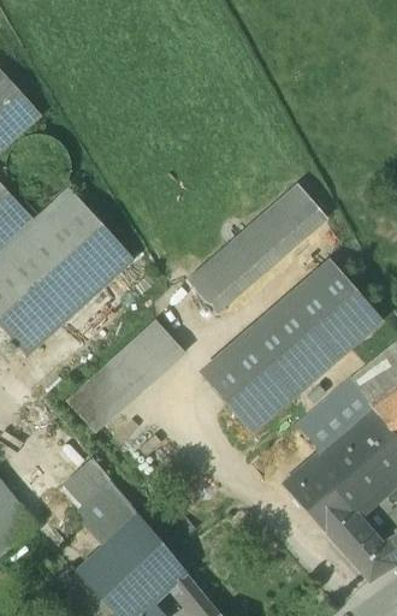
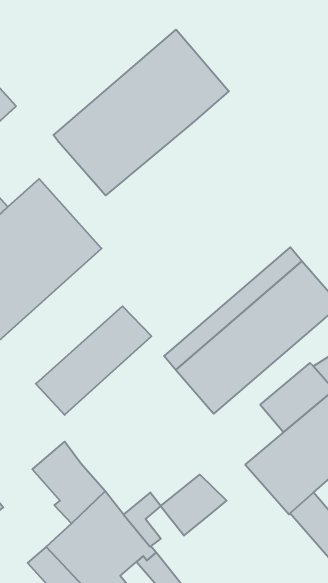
building: none -> [53,30,229,195]
building: [186,184,326,313] -> none
building: none -> [161,475,227,536]

